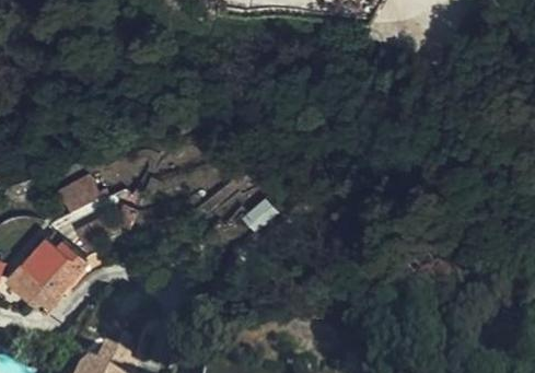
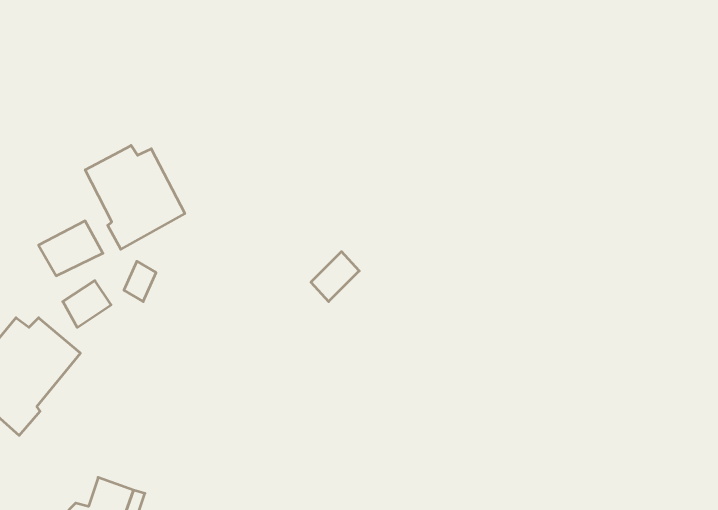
building: none -> [85,145,185,249]

